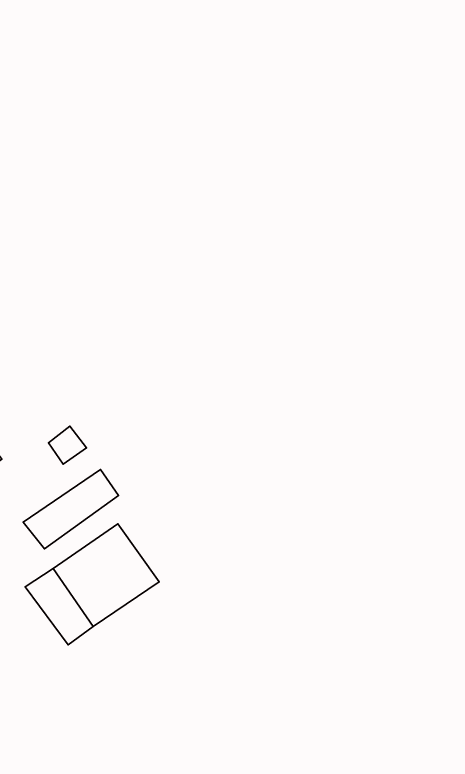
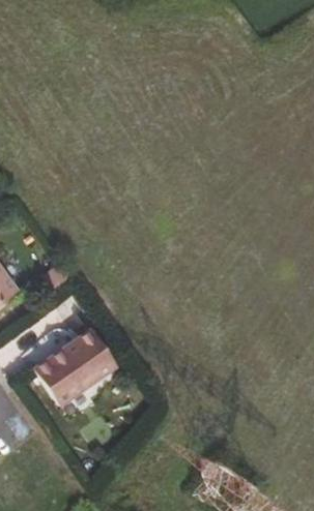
building: [23,469,118,549] -> none

